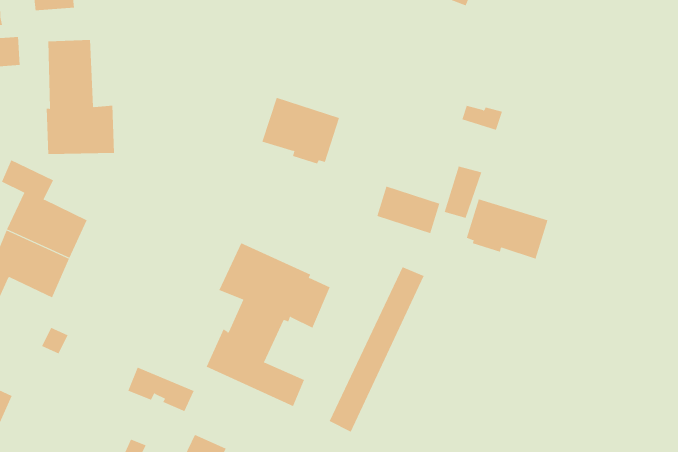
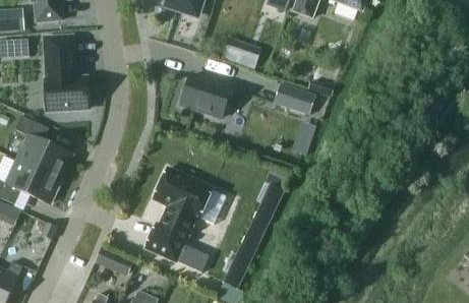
building: none -> [220,36,259,68]
building: [376,186,440,234] -> [273,83,313,114]
building: [466,199,548,260] -> none

